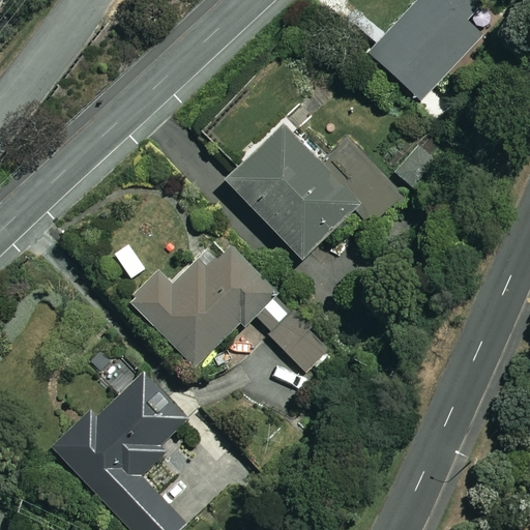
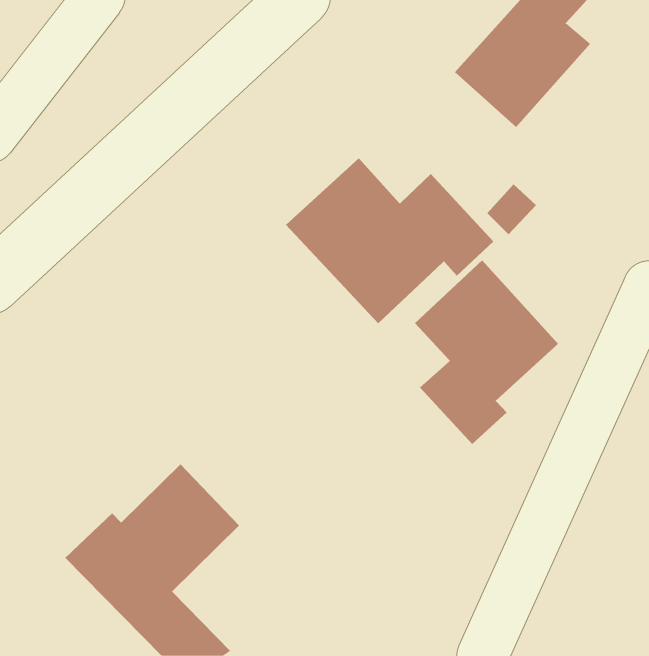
building: none -> [414,260,559,445]
building: [130,249,330,373] -> none

